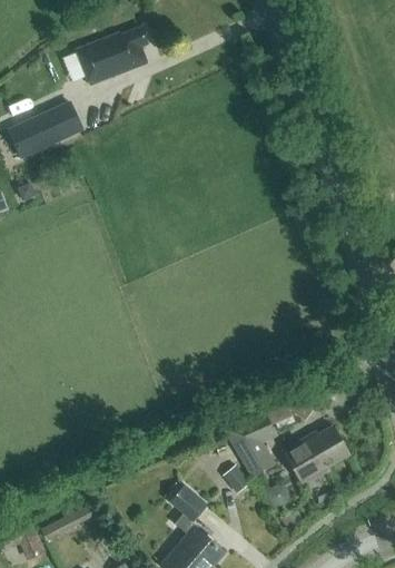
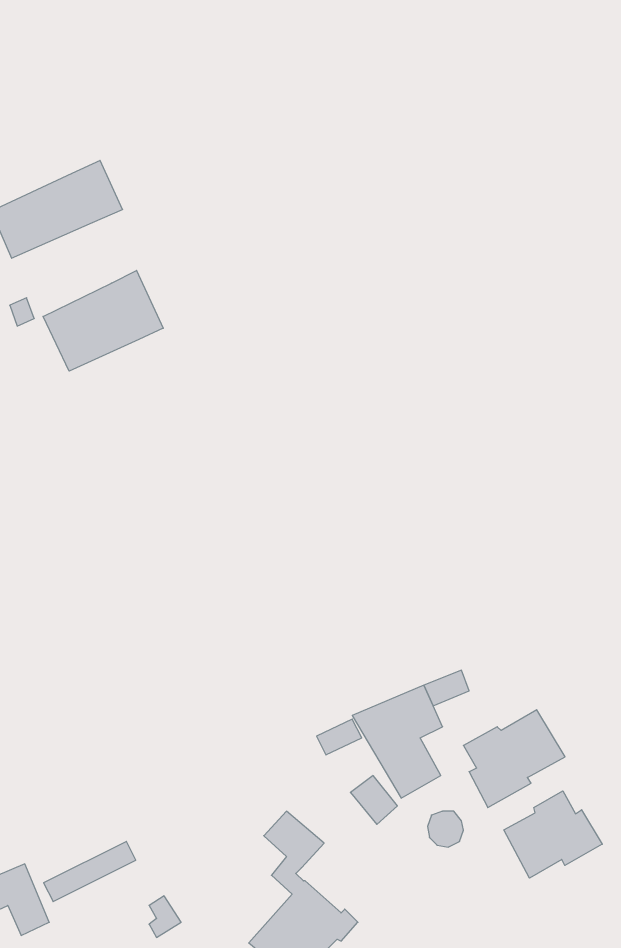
building: [62,27,147,85] -> none
building: none -> [43,270,163,371]
building: none -> [504,791,602,878]

